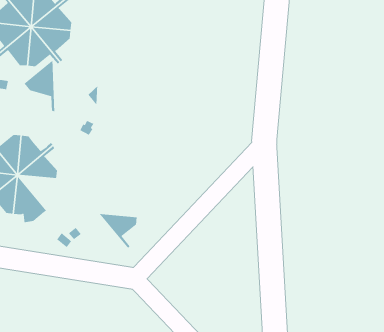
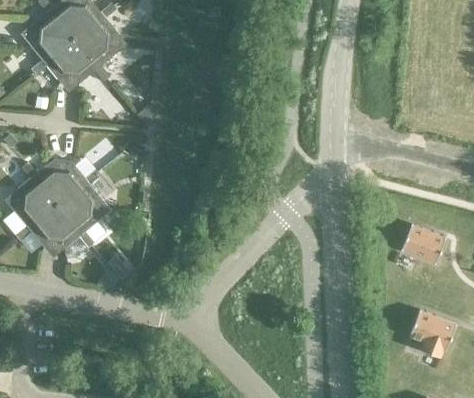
building: [24,59,55,113] -> none
building: none -> [400,225,445,264]
building: [98,213,138,249] -> [59,206,103,246]
building: none -> [409,312,456,356]

